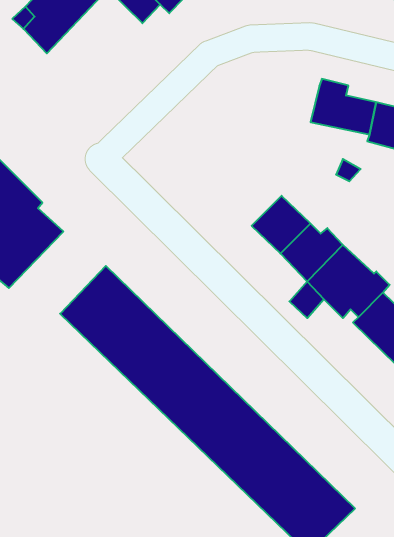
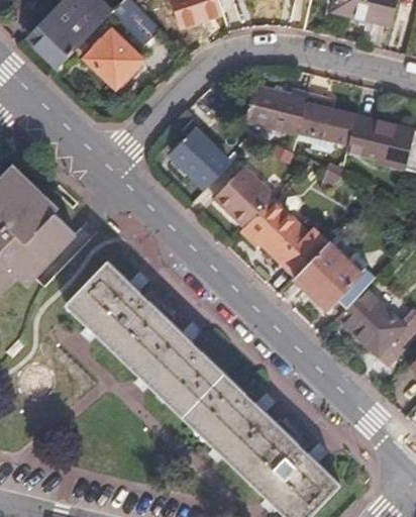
building: none -> [87,32,143,90]
building: none -> [249,88,307,133]
building: none -> [174,123,233,177]
building: none -> [215,171,273,229]

